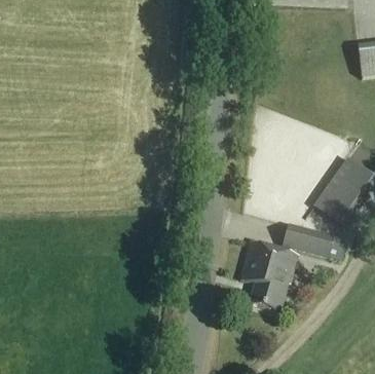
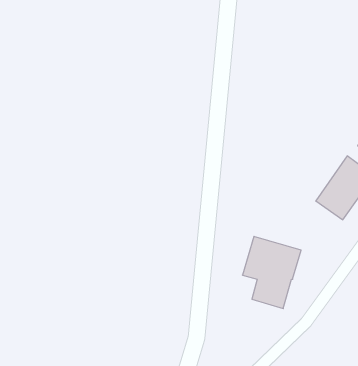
building: [282,226,346,264] -> none

